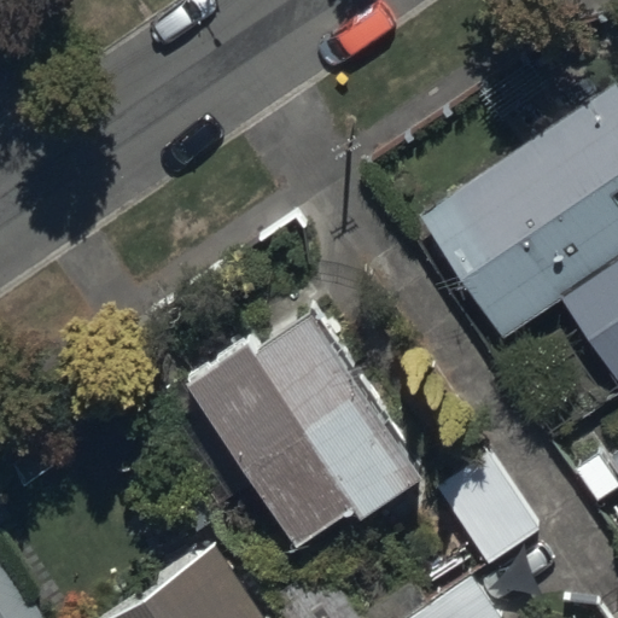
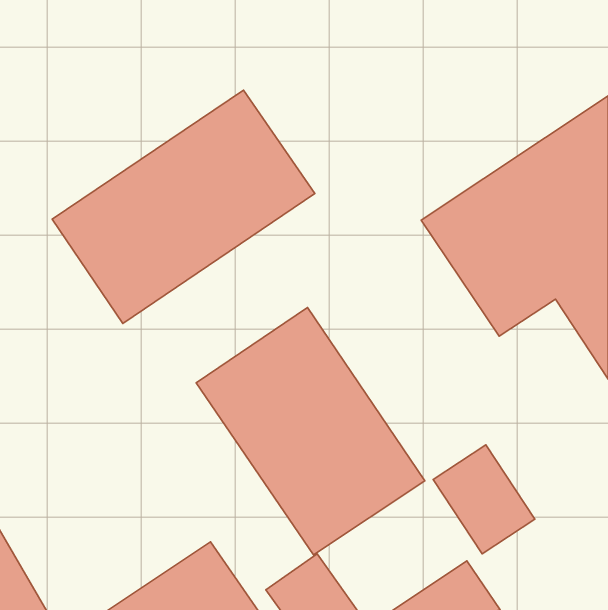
building: none -> [52,90,315,324]

